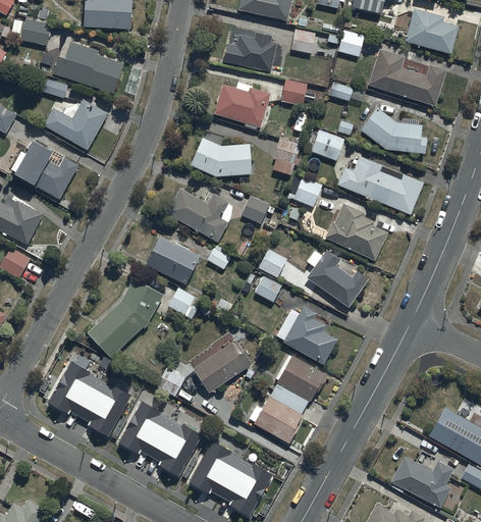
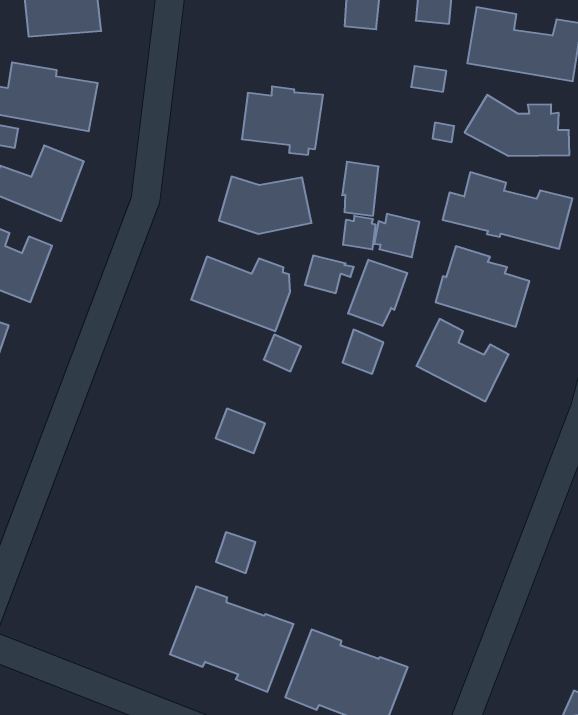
building: [223,32,276,71] -> none
building: [280,79,307,106] -> none
building: [311,129,343,160] -> none
building: none -> [343,216,375,250]
building: none -> [348,260,407,326]
building: [146,236,200,283] -> none
building: [254,275,281,302] -> none
building: [88,277,164,357] -> none
building: [282,305,337,365] -> none
building: [192,340,251,393] -> none
building: [249,355,327,443] -> none
building: [48,360,131,435] -> none

